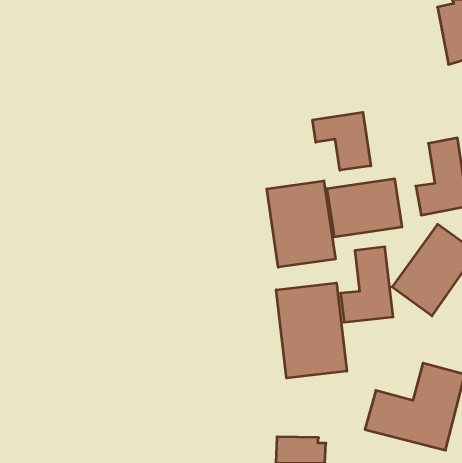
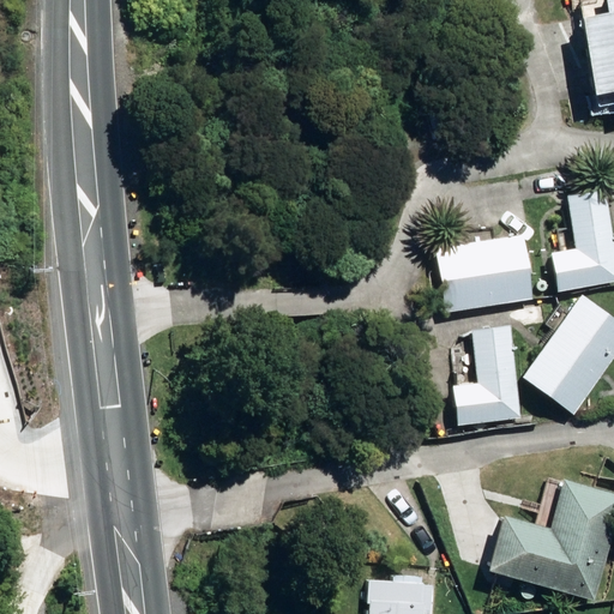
building: [313,112,371,170] -> none
building: [267,181,335,267] -> none
building: [276,283,347,378] -> none

